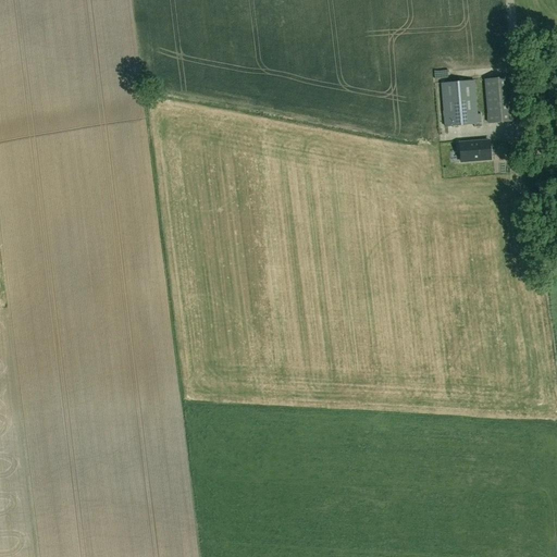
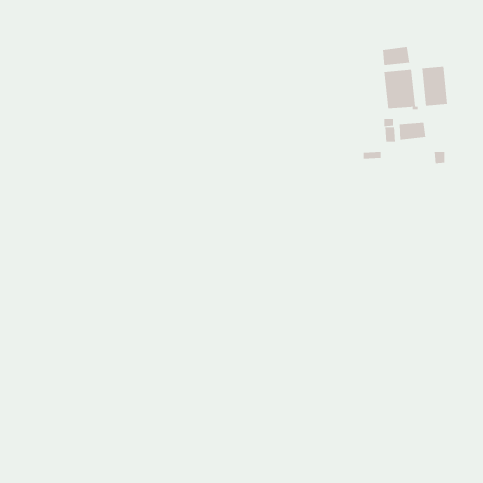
building: none -> [383,46,410,66]

